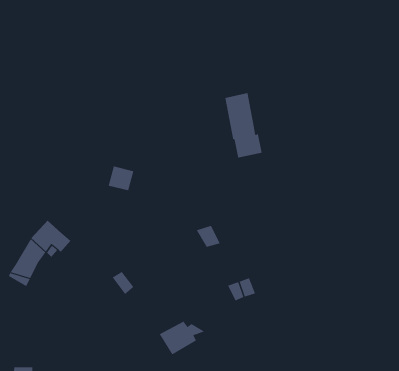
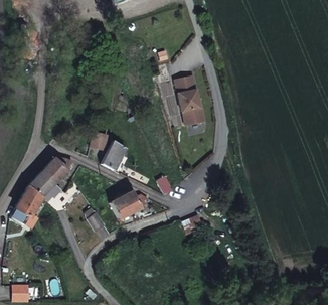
building: none -> [100,140,124,170]
building: none -> [40,159,71,182]
building: [159,321,205,355] -> [113,192,148,218]

